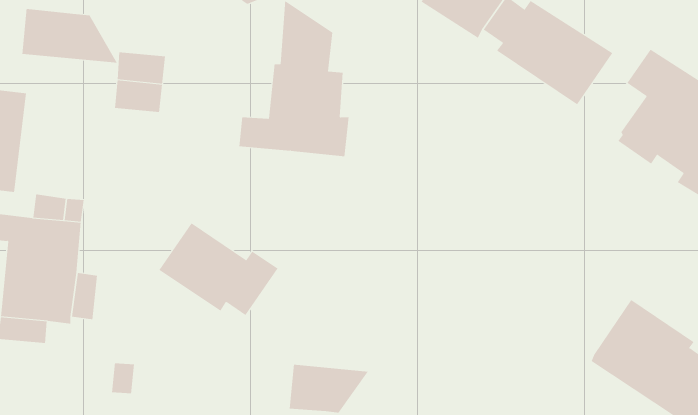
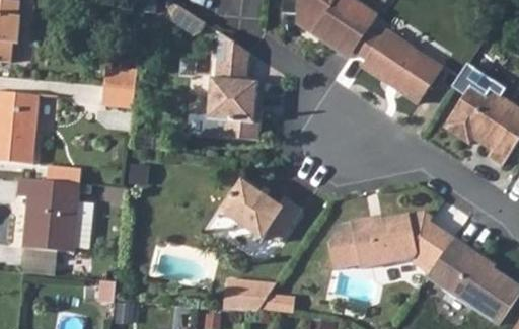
building: [22,8,118,64] -> none
building: [158,223,278,316] -> [220,178,302,242]
building: none -> [331,211,454,273]

